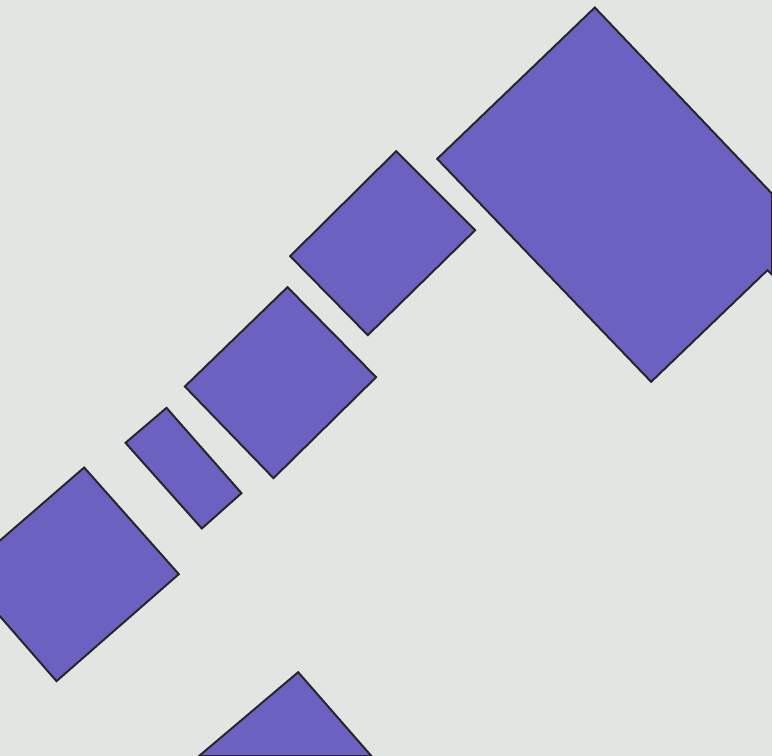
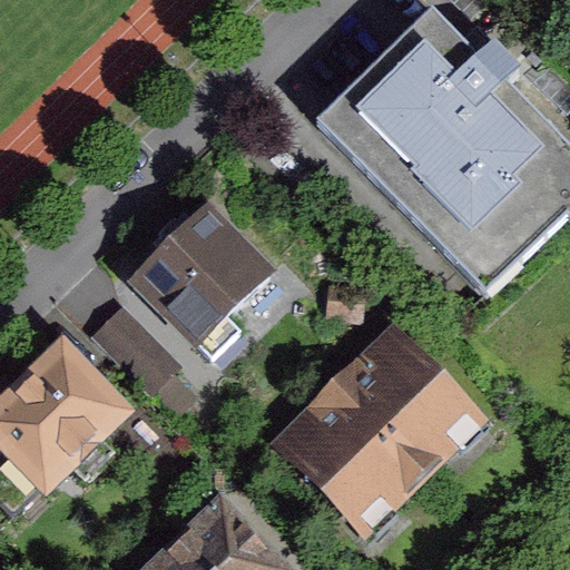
building: [290,151,475,335] -> none
building: none -> [271,320,484,532]

